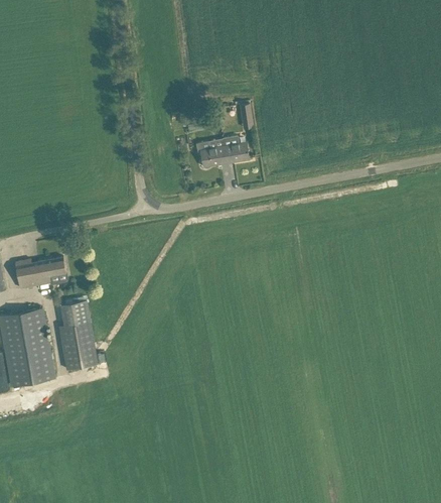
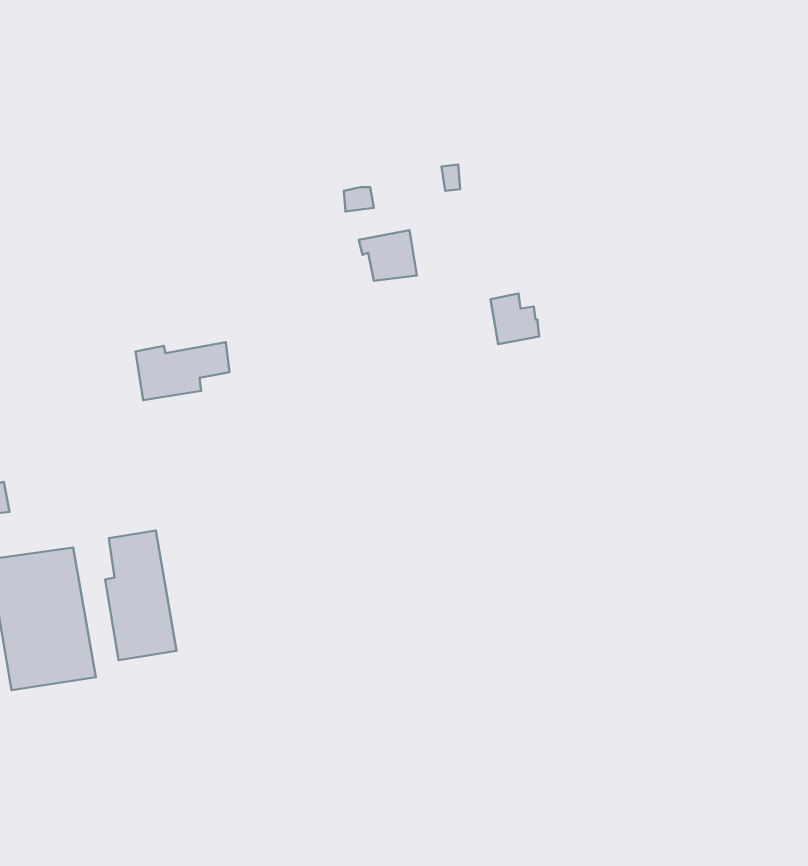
building: [222,136,248,163] -> [490,293,539,344]
building: [14,257,64,288] -> [136,342,229,400]

